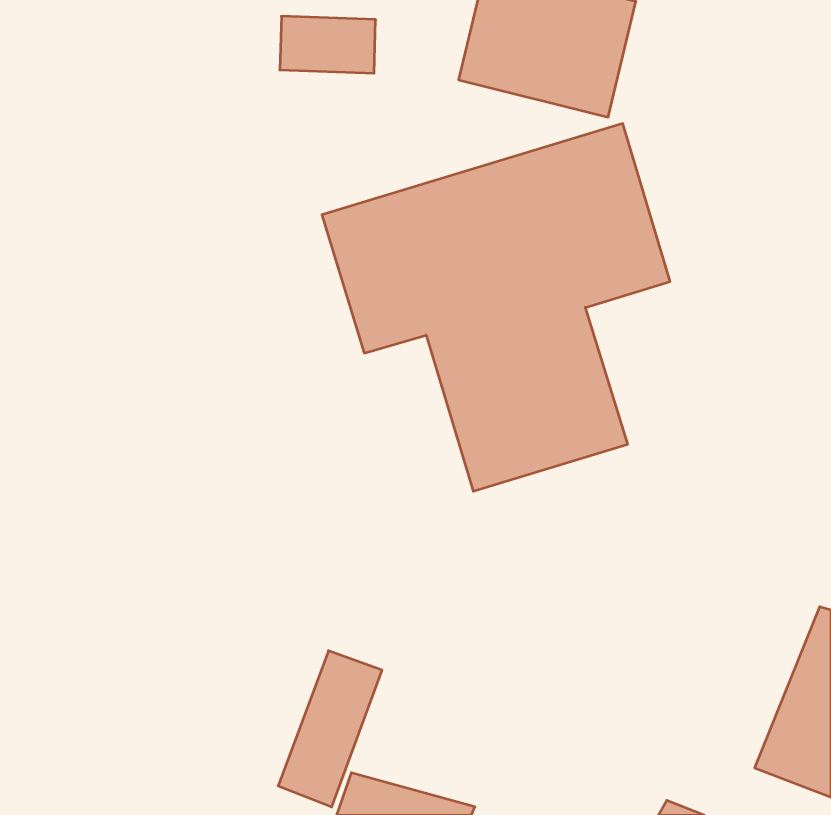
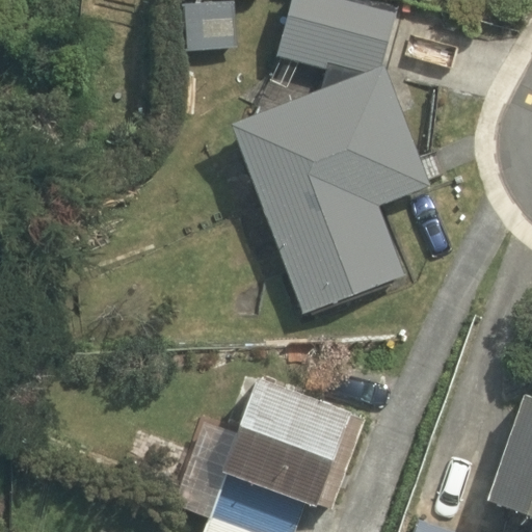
building: none -> [232,383,356,509]

